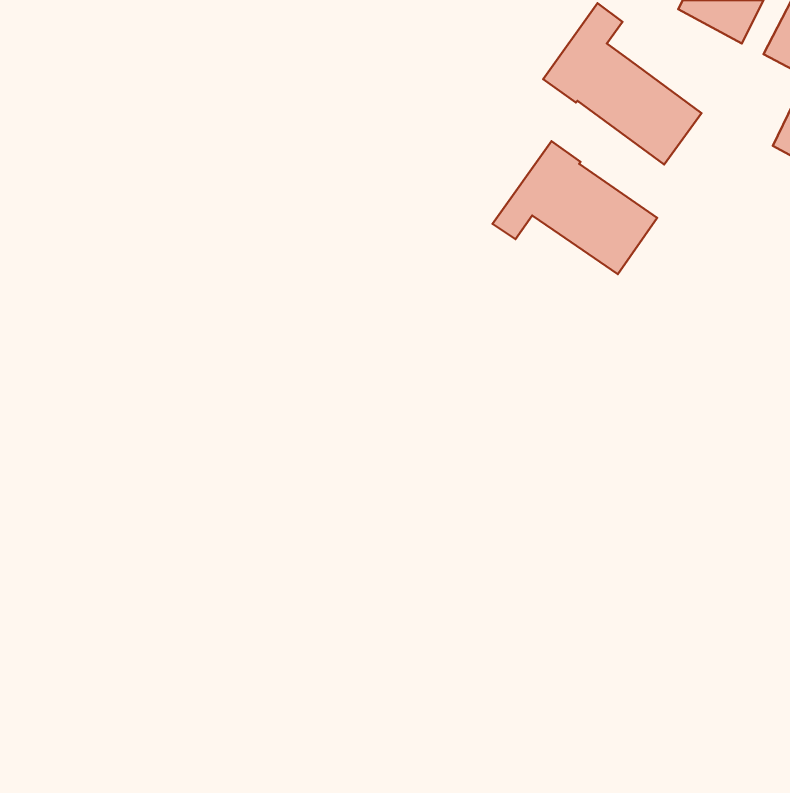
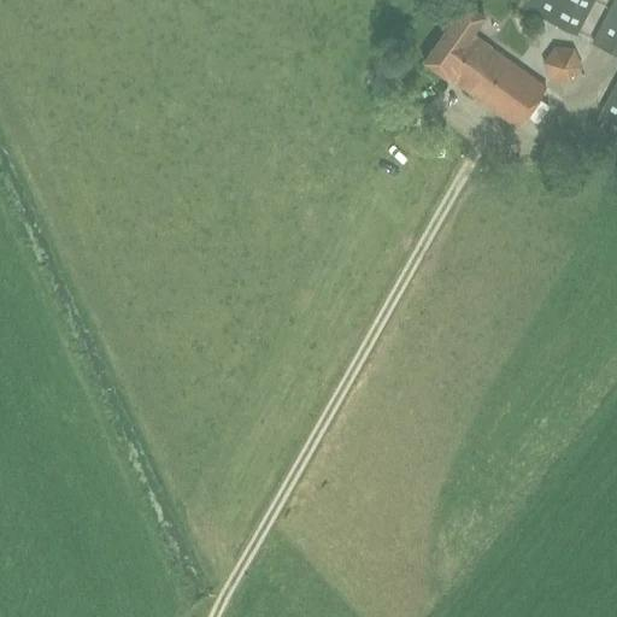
building: none -> [543,47,584,83]
building: [493,141,657,274] -> none

